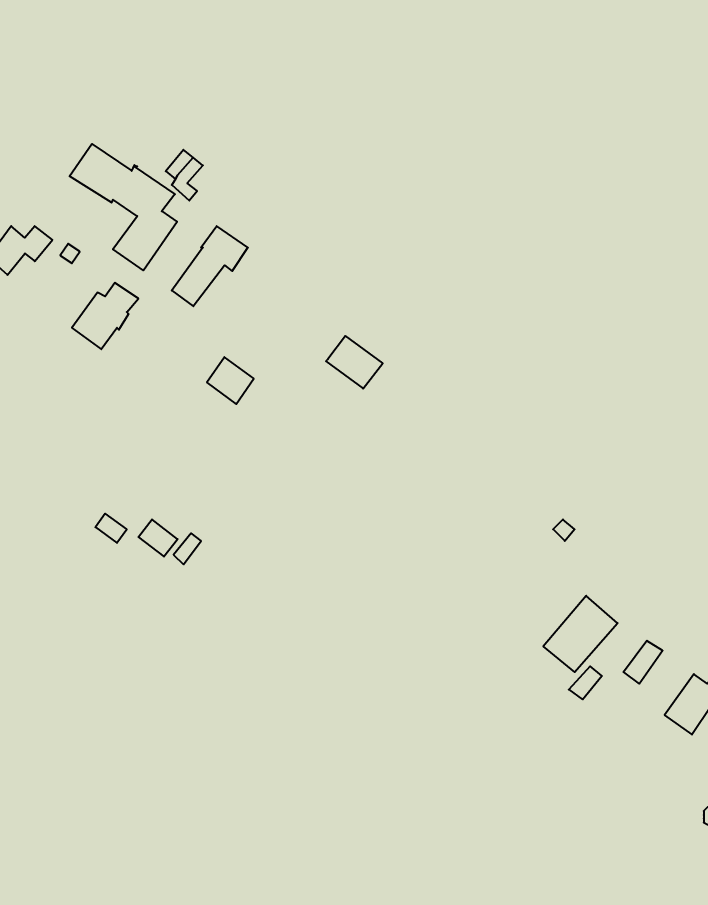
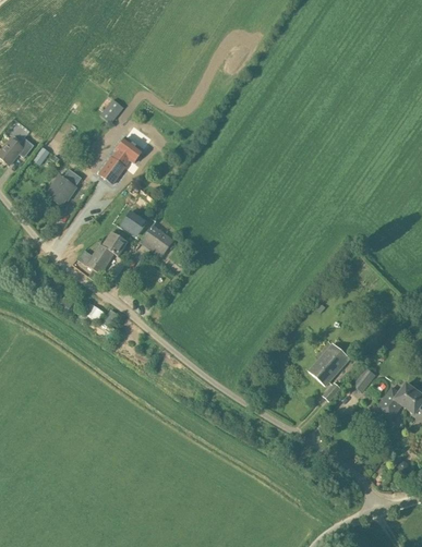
building: [70,144,177,270] -> none
building: [326,336,383,389] -> [142,224,173,254]
building: none -> [77,231,128,273]

